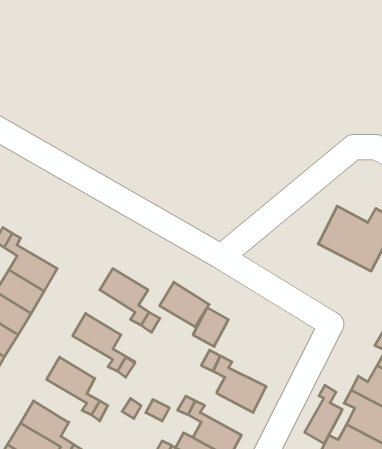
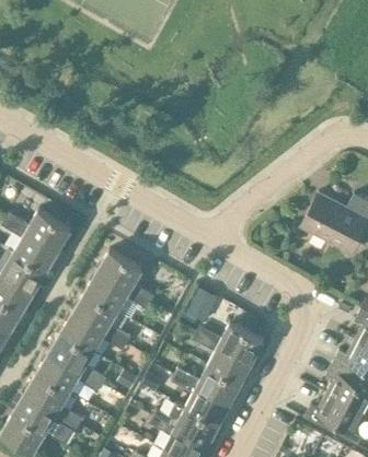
building: none -> [22,210,71,250]
building: [160,282,209,327] -> [85,270,131,312]
building: none -> [61,313,111,352]
building: none -> [218,323,264,360]
building: none -> [37,353,87,392]
building: [305,385,342,443] -> none
building: none -> [192,365,241,405]

